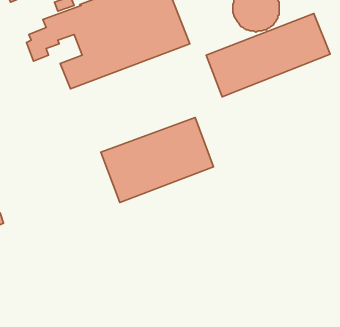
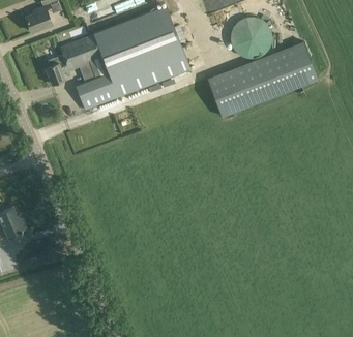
building: [101,118,214,202] -> none

